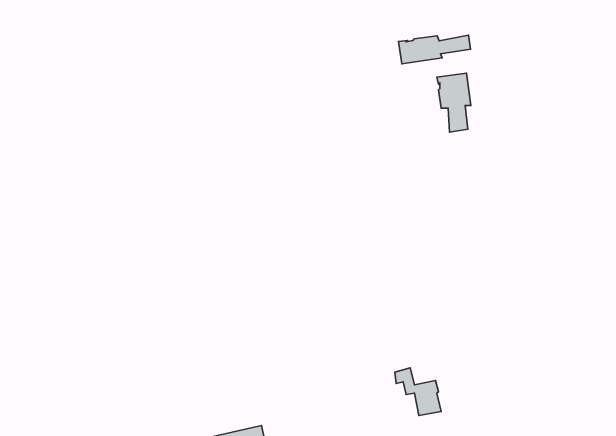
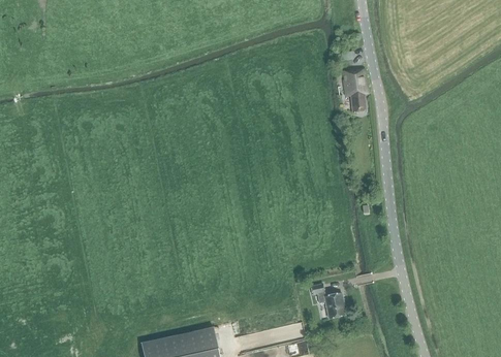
building: [398,35,470,64] -> none

